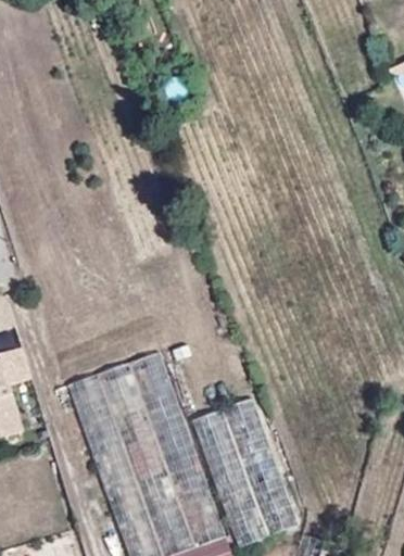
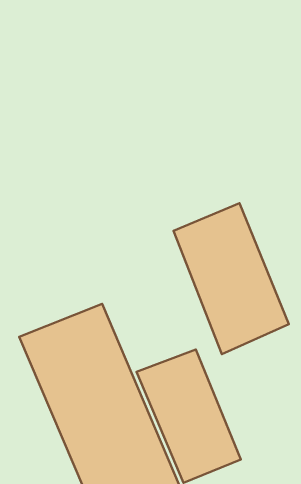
building: none -> [173,203,289,354]

